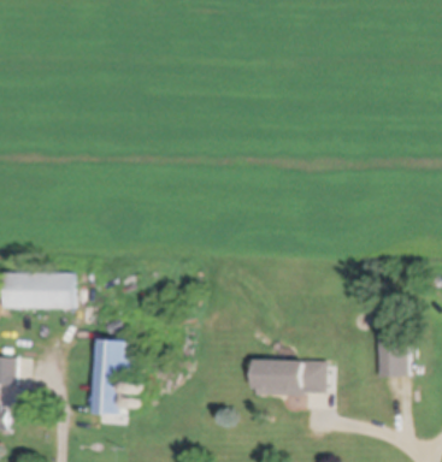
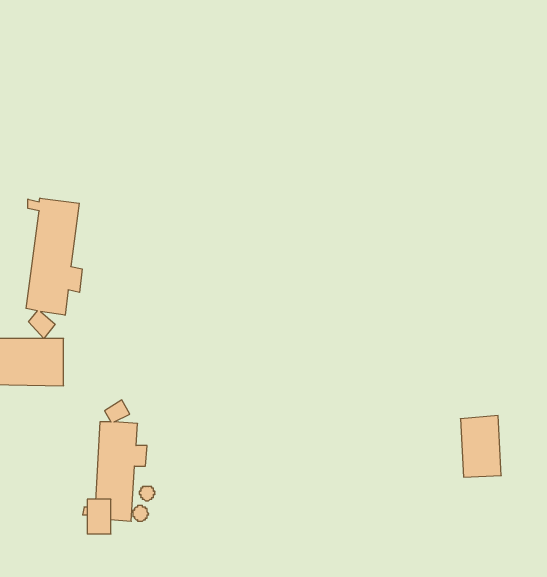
building: none -> [26,198,82,338]
building: [252,360,325,397] -> none

